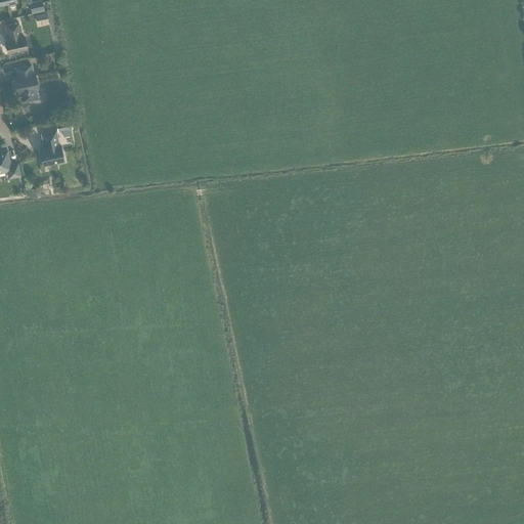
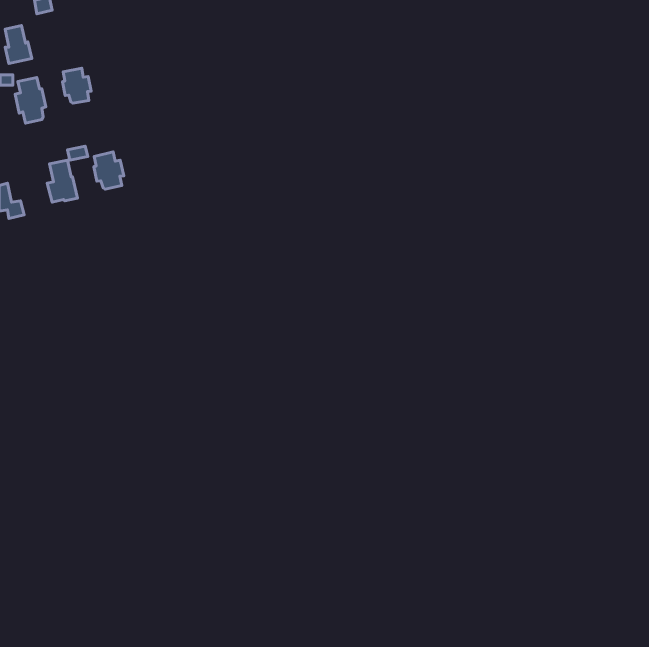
building: none -> [62,68,91,103]
building: none -> [94,152,124,189]

